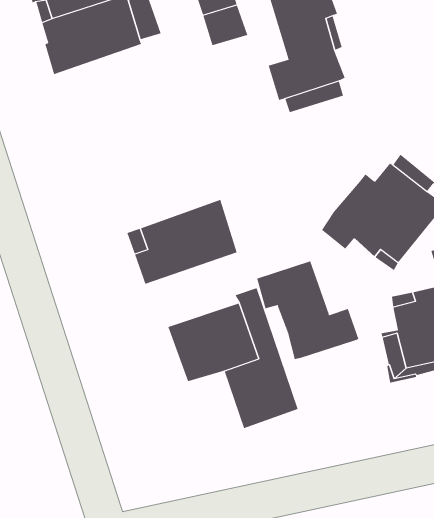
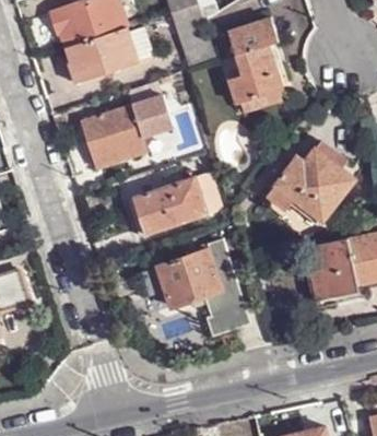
building: none -> [80,95,170,167]
building: [256,260,359,360] -> none

